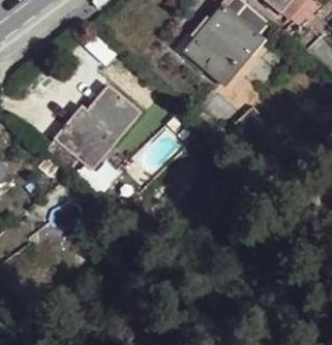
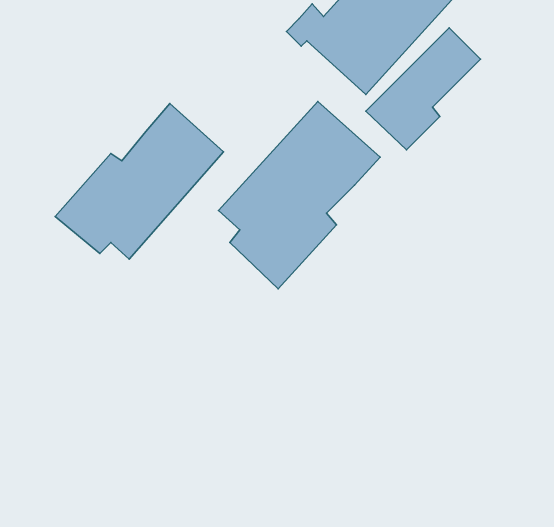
building: none -> [218,101,380,289]

